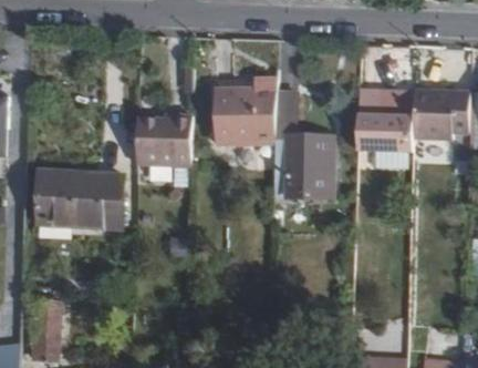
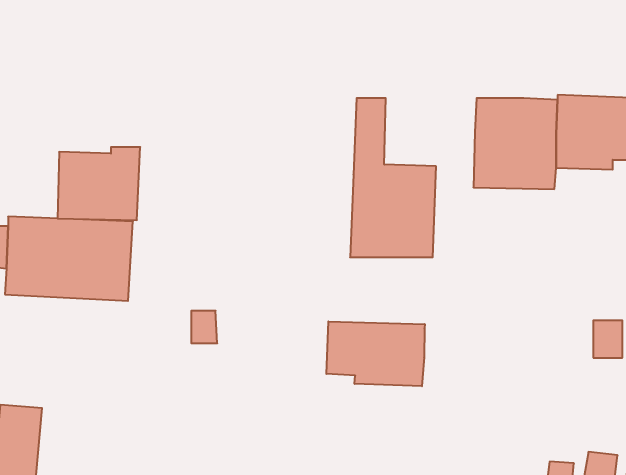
building: [212,79,276,143] -> none
building: [134,125,190,175] -> [58,147,140,220]
building: none -> [326,321,425,386]

